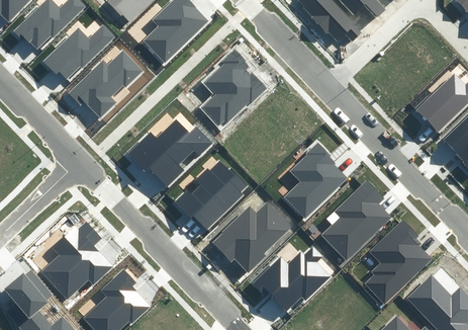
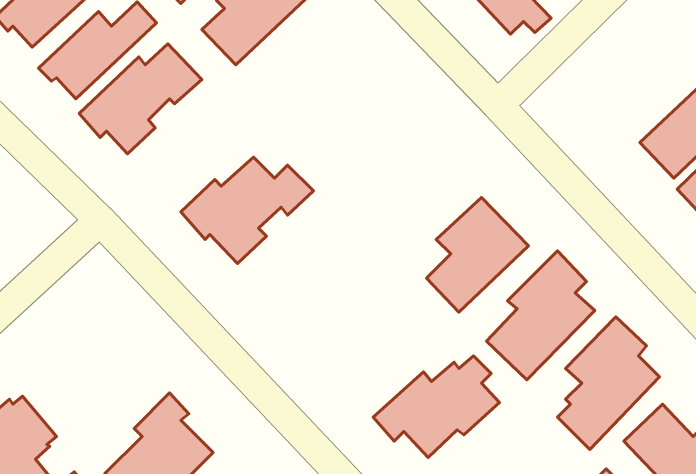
building: [198,51,267,131] -> none
building: [173,159,248,230] -> none
building: [208,201,290,273] -> none
building: [39,226,111,300] -> none

